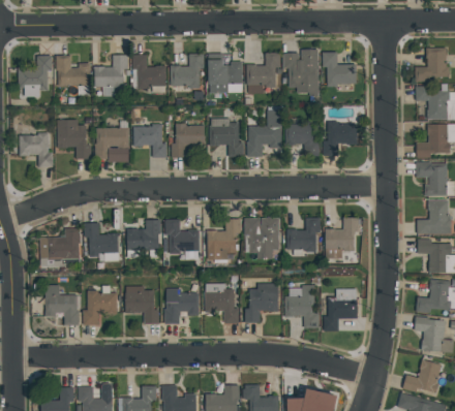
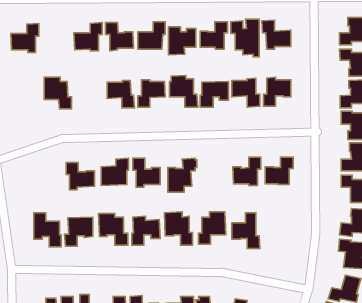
building: [56,55,91,86] -> none
building: [95,128,129,161] -> none
building: [19,132,53,166] -> none
building: [245,217,279,259] -> none
building: [39,227,81,258] -> none
building: [324,288,358,330] -> none

